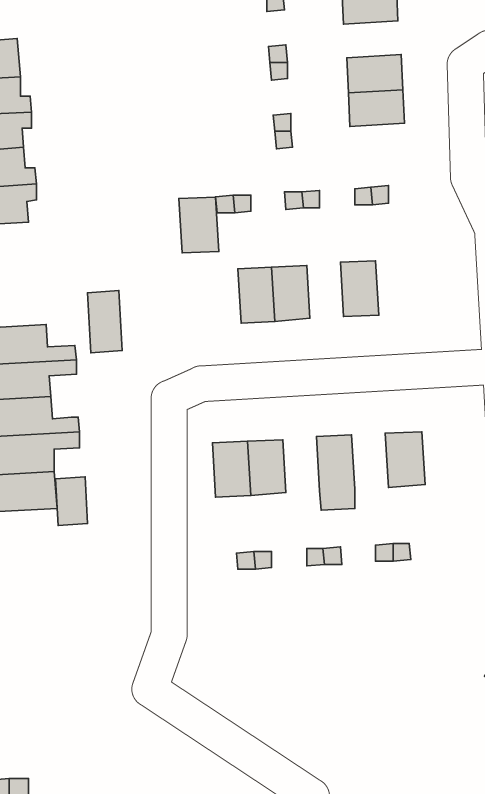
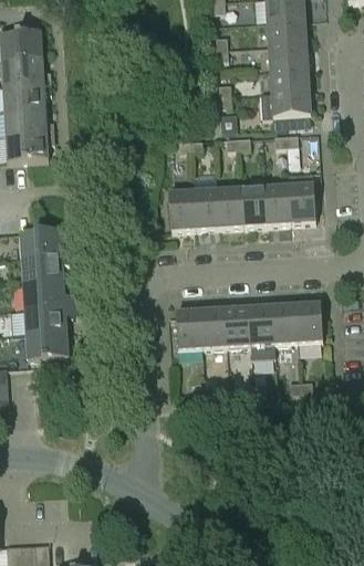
building: none -> [266,19,305,44]
building: none -> [259,90,310,117]
building: [179,197,219,253] -> [167,190,195,229]
building: none -> [287,172,314,222]
building: none -> [240,186,266,224]
building: [88,291,122,353] -> none
building: none -> [271,304,297,343]
building: none -> [223,306,249,345]
building: [56,477,88,525] -> none

